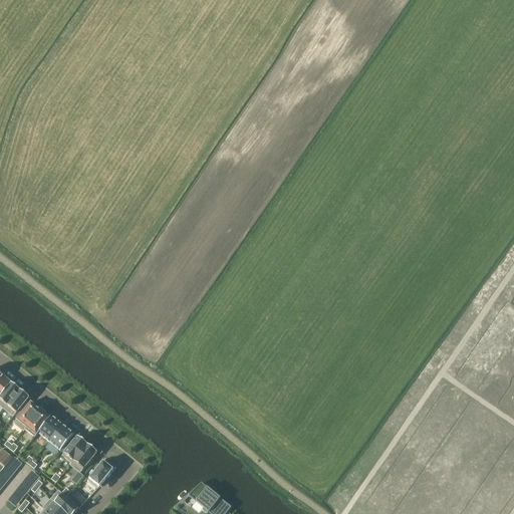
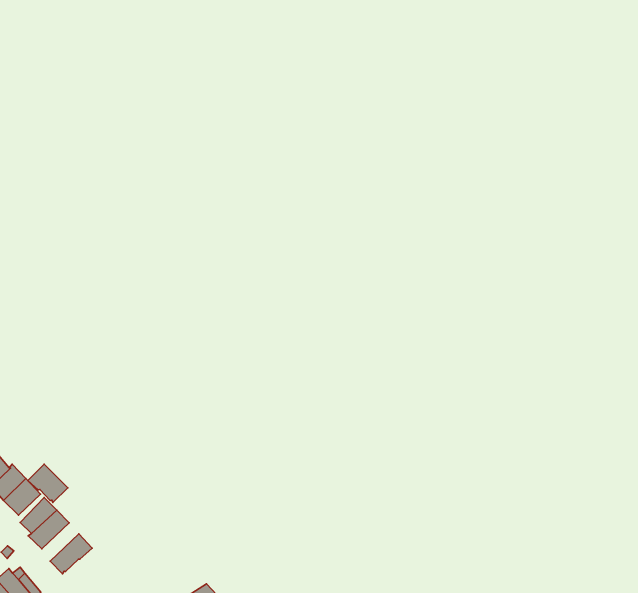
building: none -> [28,464,68,502]

